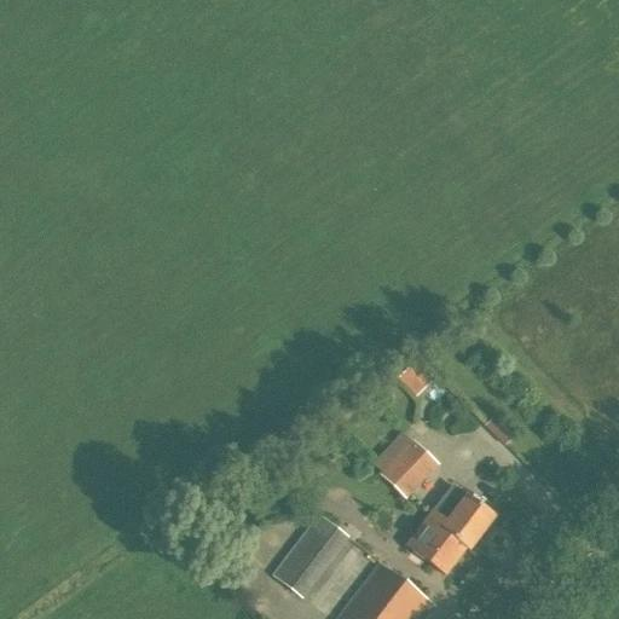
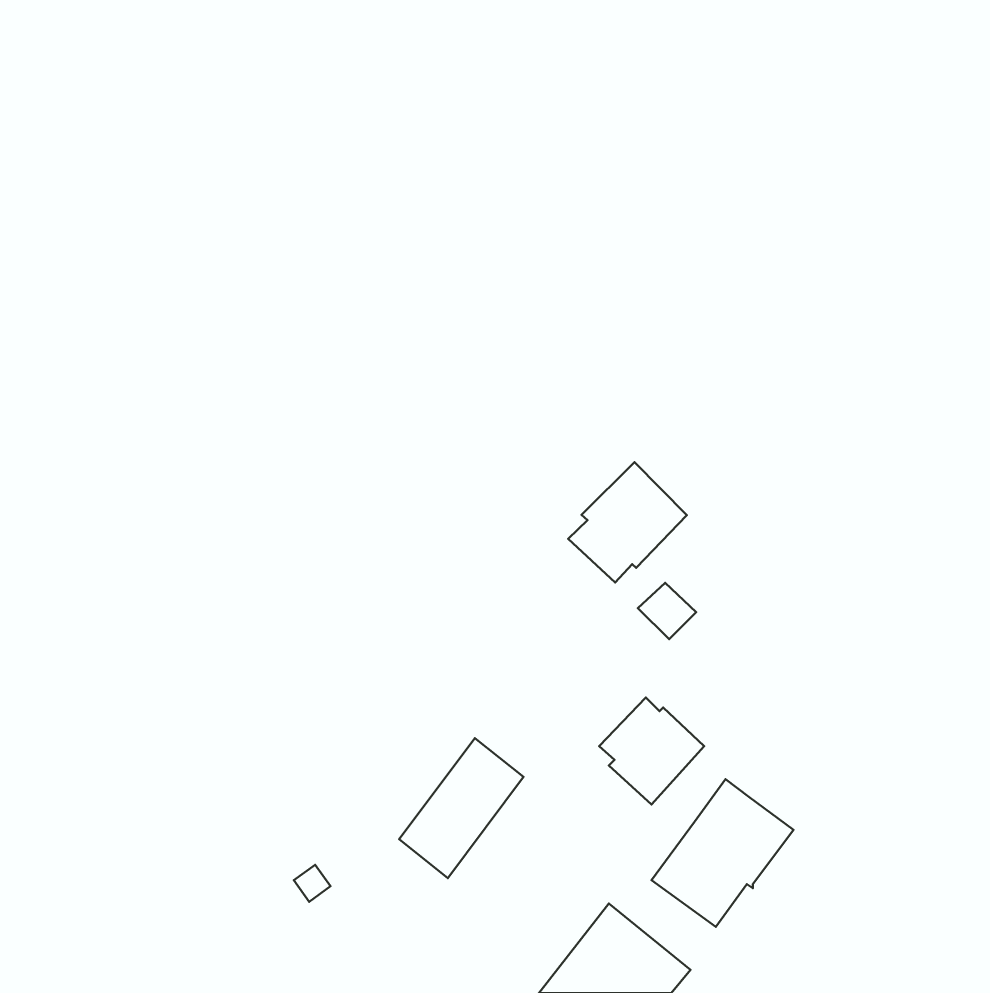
building: none -> [568,462,687,582]
building: [273,514,351,601] -> [399,738,524,878]

